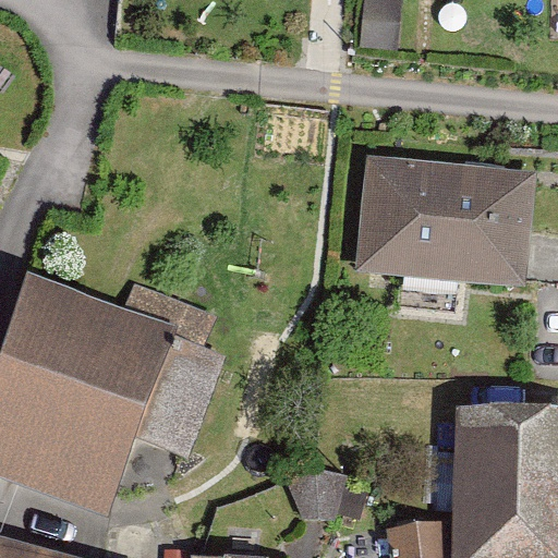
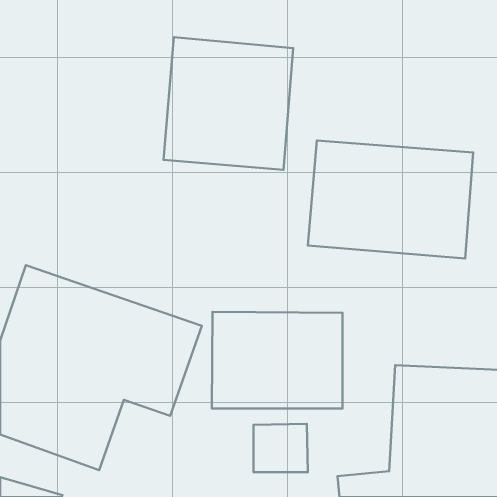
building: none -> [163,37,293,170]
building: none -> [212,312,343,408]

